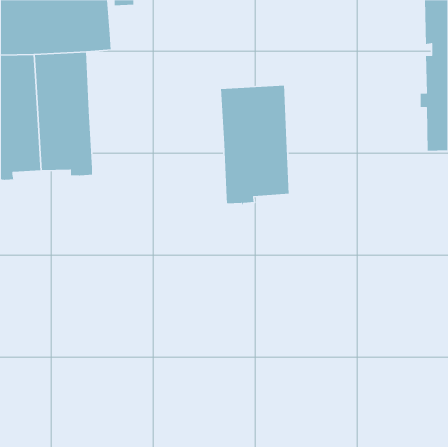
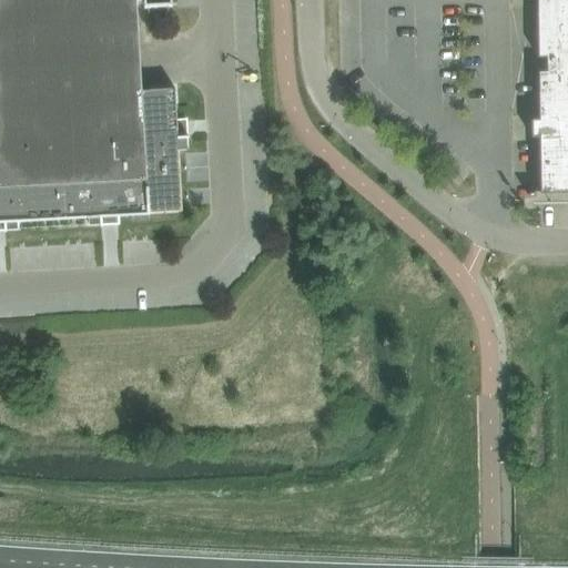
building: none -> [110,63,189,213]
building: [220,85,289,205] -> none

